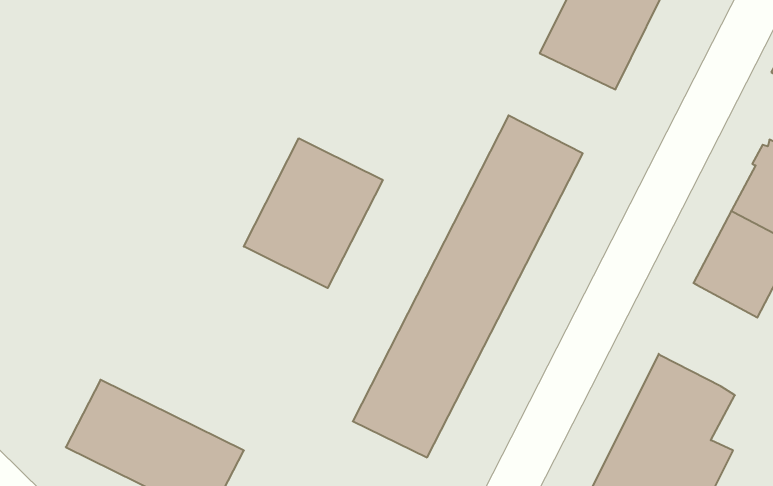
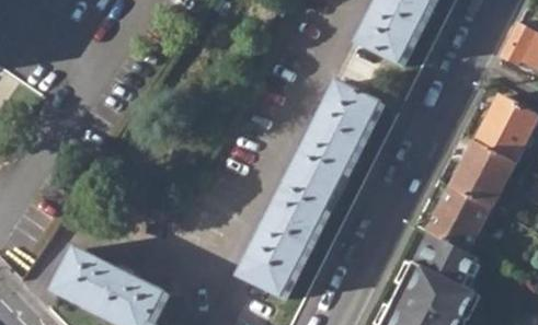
building: [244,138,383,288] -> none
building: none -> [427,187,492,253]

